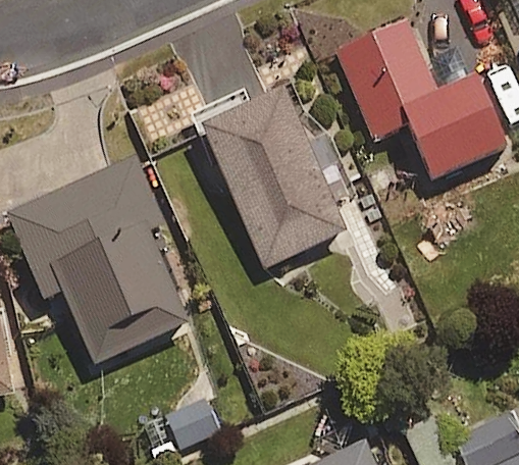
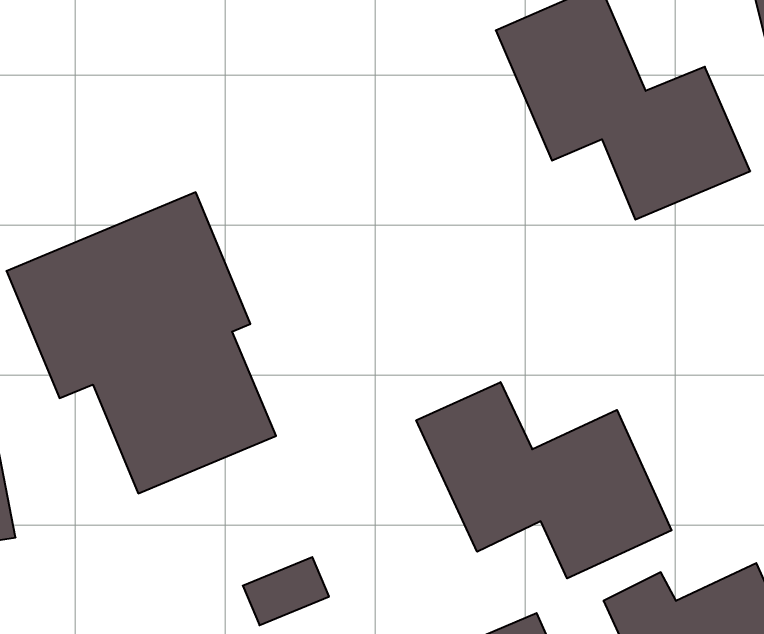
building: [201,88,347,266] -> none
building: none -> [416,382,672,578]

